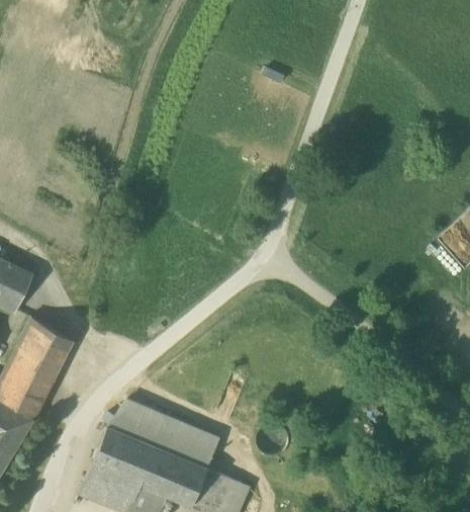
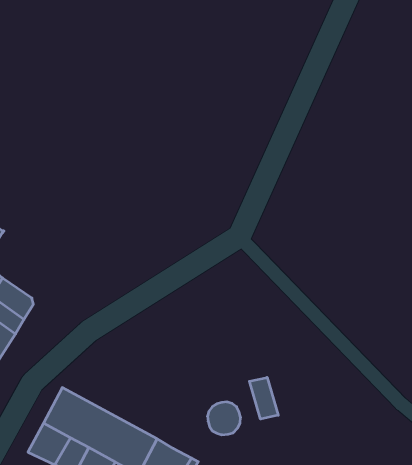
building: none -> [249,377,278,419]
building: [106,401,219,470] -> none

